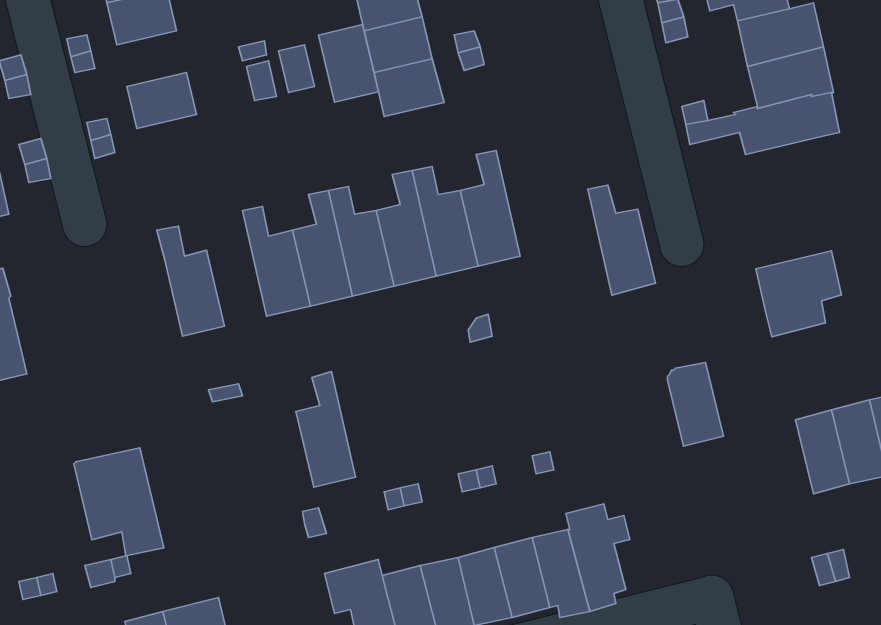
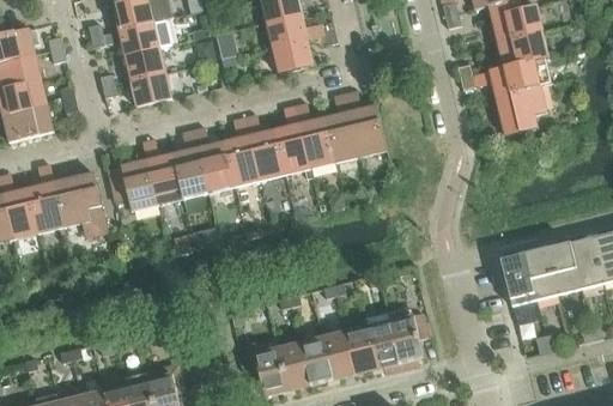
building: [318,25,379,102] -> none
building: none -> [119,19,172,55]
building: none -> [131,72,172,107]
building: [588,185,656,295] -> [346,91,387,157]
building: [756,251,842,337] -> [496,85,547,137]
building: none -> [108,159,158,211]
building: [667,362,723,446] -> [503,255,536,305]
building: [296,371,356,487] -> [172,129,208,199]
building: [74,448,164,556] -> [54,172,108,237]

